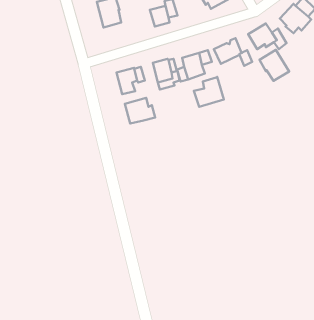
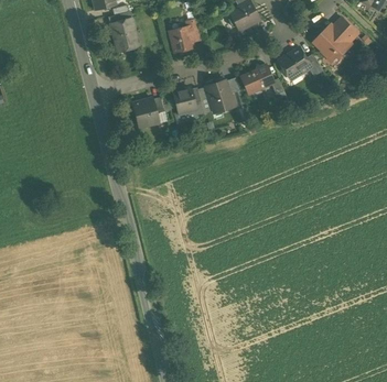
building: [260,50,289,81] -> none
building: [194,77,224,107] -> none
building: [125,98,155,124] -> none

